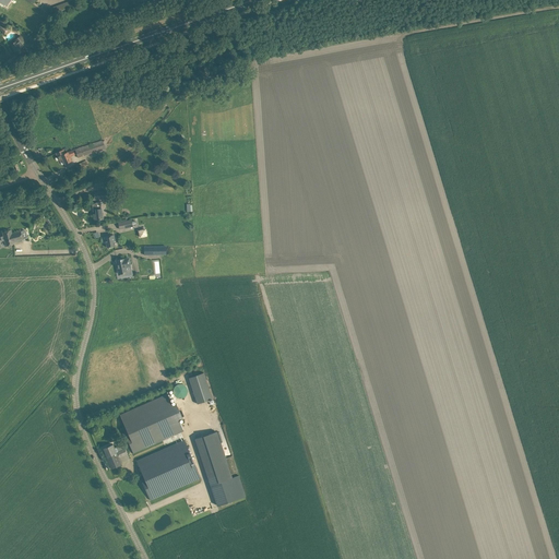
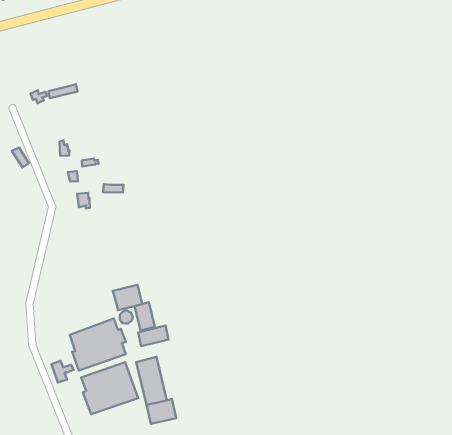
building: none -> [113,285,142,310]
building: none -> [138,326,168,346]

